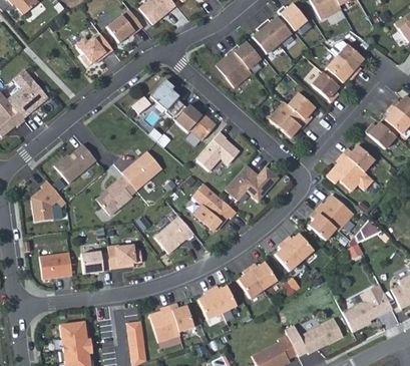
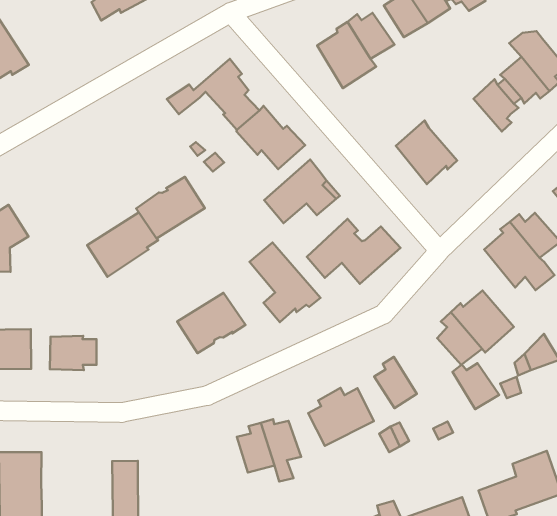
building: [288,92,315,121] -> none
building: [54,142,96,182] -> none
building: [284,234,313,261] -> [452,363,499,409]
building: [107,243,142,268] -> none
building: [149,303,193,342] -> none

